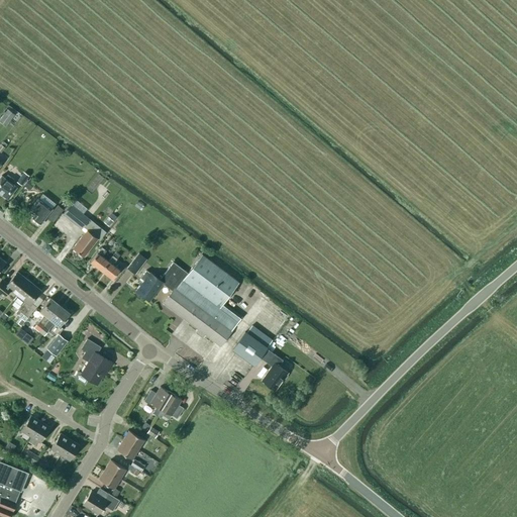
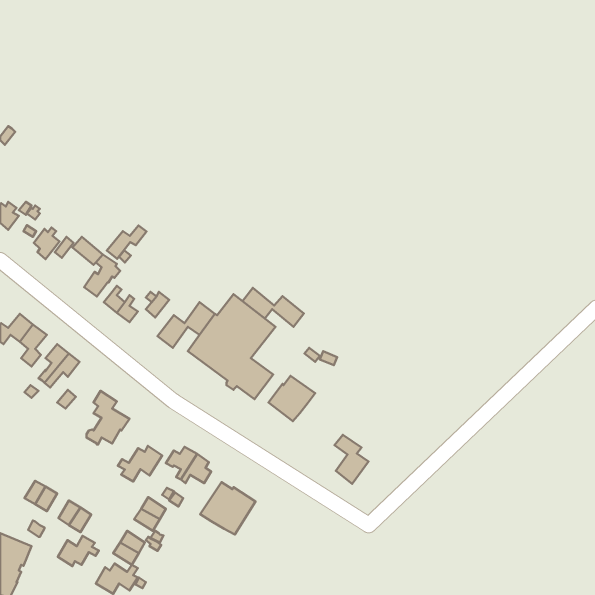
building: none -> [107,225,146,259]
building: none -> [243,288,304,327]
building: [261,349,290,392] -> [335,435,368,484]
building: none -> [118,446,162,482]
building: none -> [200,482,255,535]
building: none -> [58,536,99,566]

